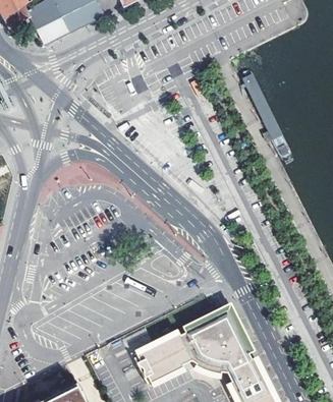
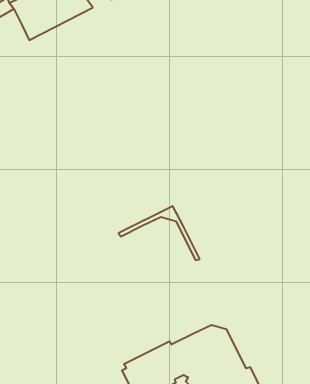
building: [177,305,254,356] -> [119,206,200,260]

